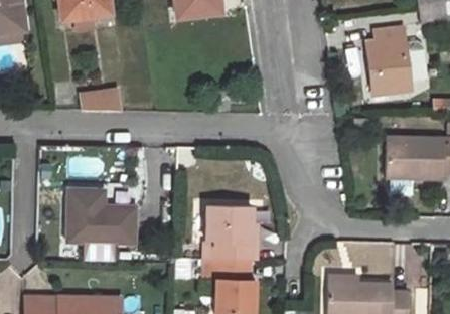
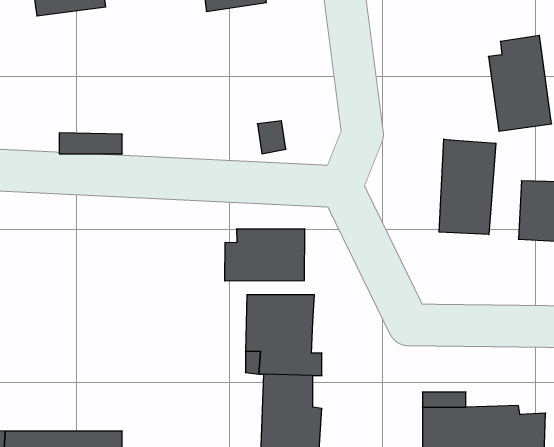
building: none -> [439,139,496,235]
building: none -> [225,229,304,281]
building: [67,190,135,246] -> none

